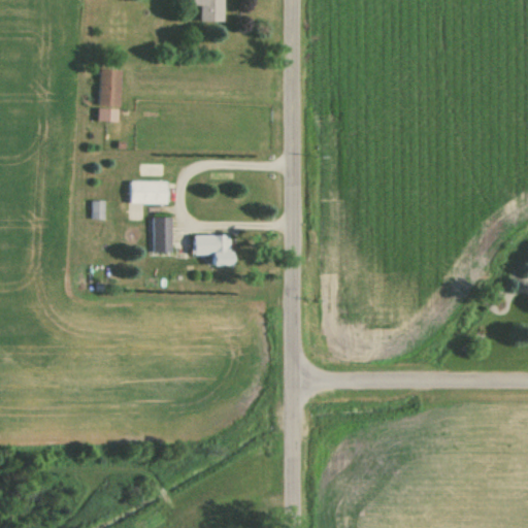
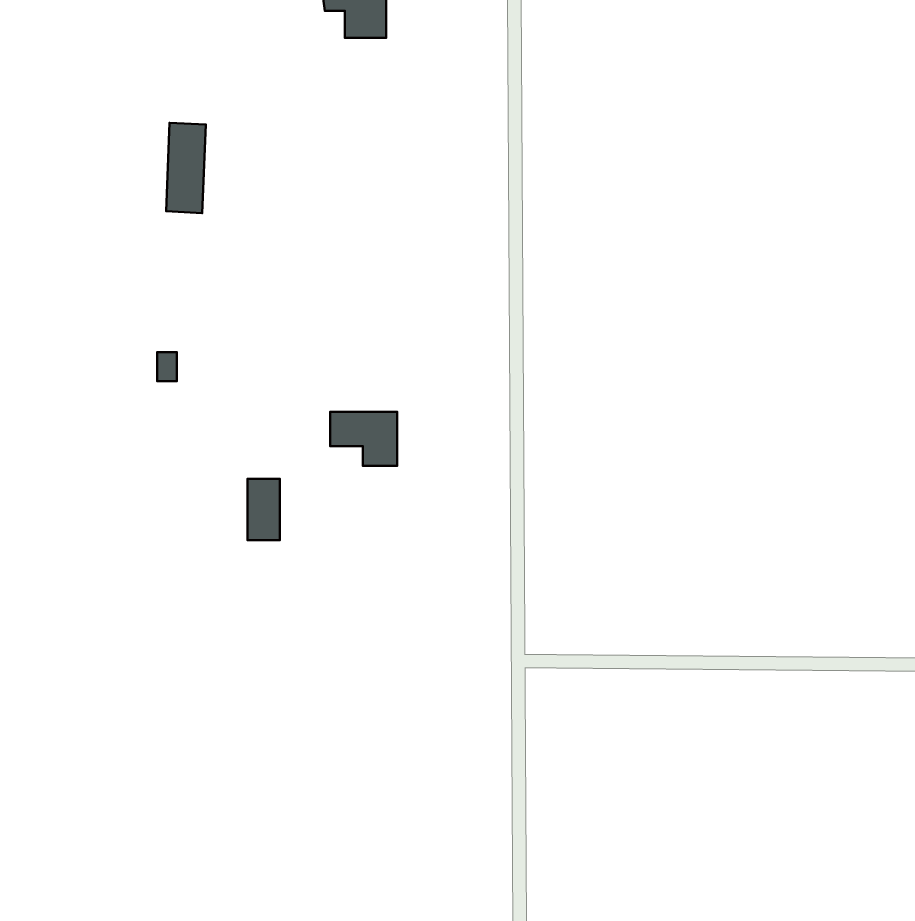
building: [131,182,168,203] -> none
building: [154,218,172,253] -> [247,479,280,540]

